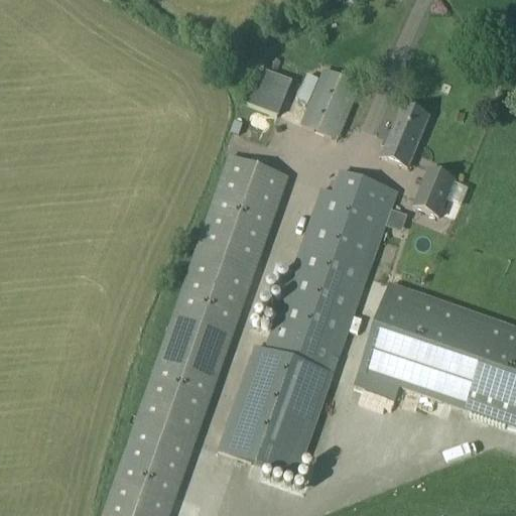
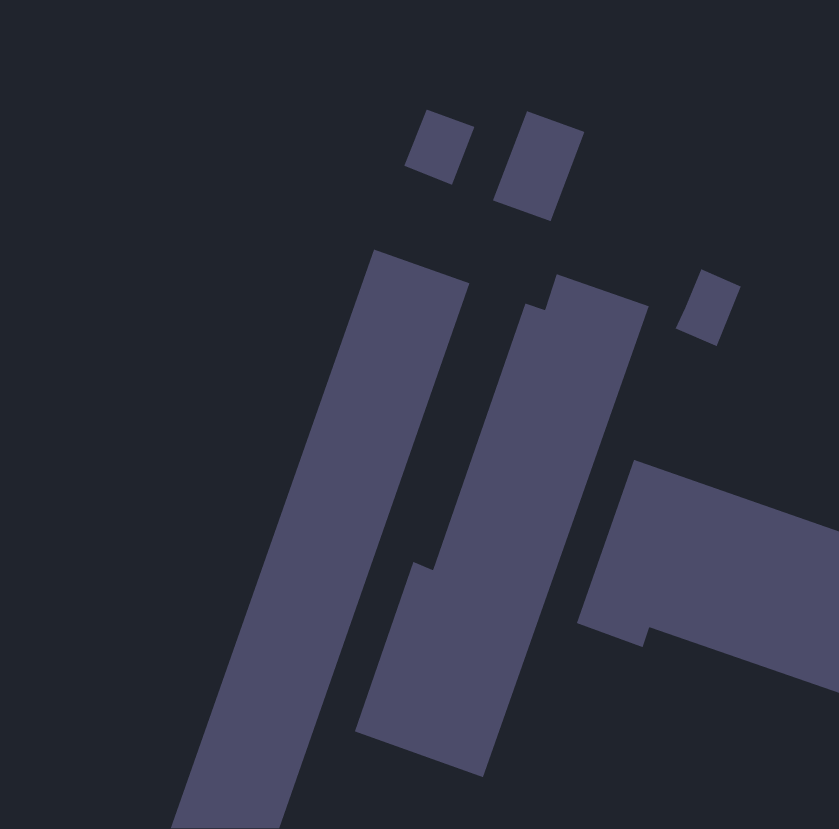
building: [384,103,429,164] -> none

